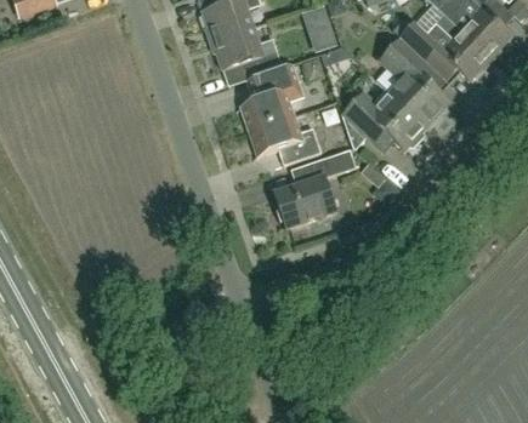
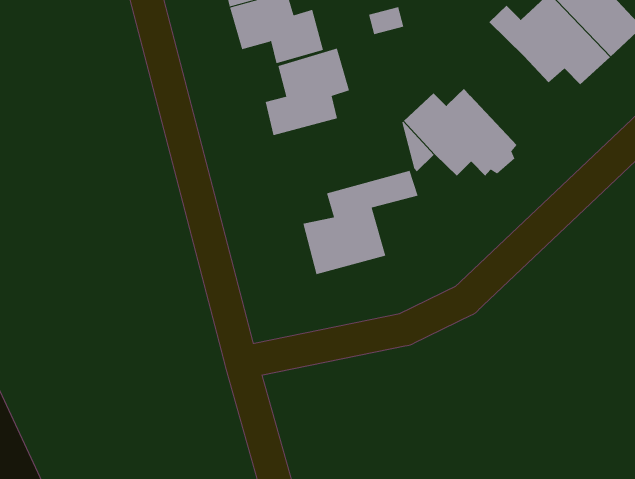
building: [379,39,447,126] -> none
building: [248,115,319,165] -> none

